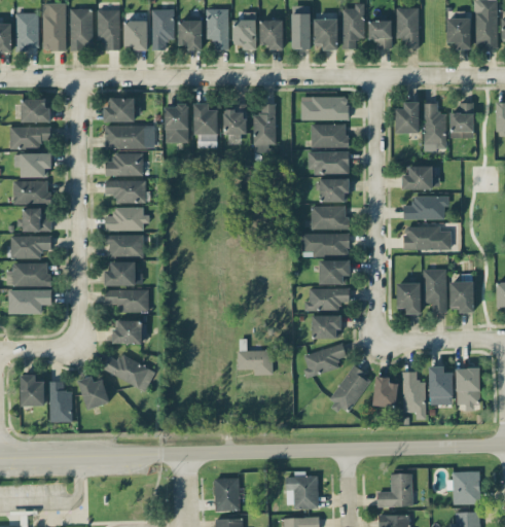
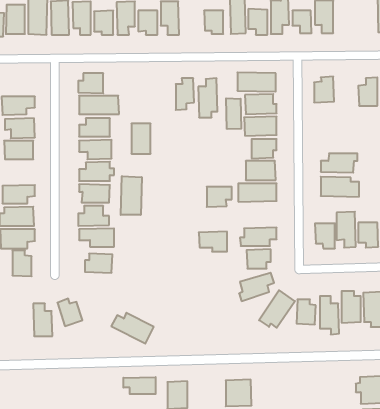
building: [232,12,256,50] -> none
building: [446,13,470,49] -> none
building: [21,99,49,122] -> none
building: [423,103,446,150] -> none
building: [193,104,217,135] -> none
building: [165,106,188,143] -> [131,124,151,154]
building: none -> [226,98,241,129]
building: [402,166,439,189] -> none
building: [23,208,50,232] -> none
building: none -> [121,176,142,215]
building: [319,260,350,285] -> [207,187,232,207]
building: [237,350,272,375] -> [199,232,227,252]
building: [102,354,154,392] -> [111,313,154,344]
building: [21,375,44,407] -> [12,250,32,276]
building: none -> [123,377,156,394]
building: [376,473,412,507] -> none

